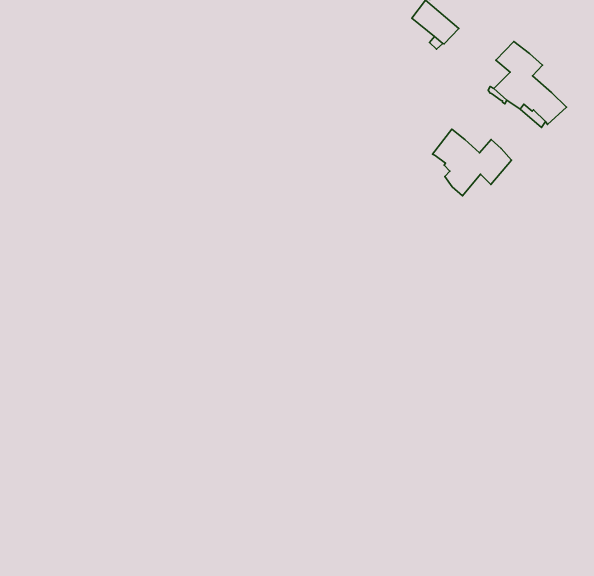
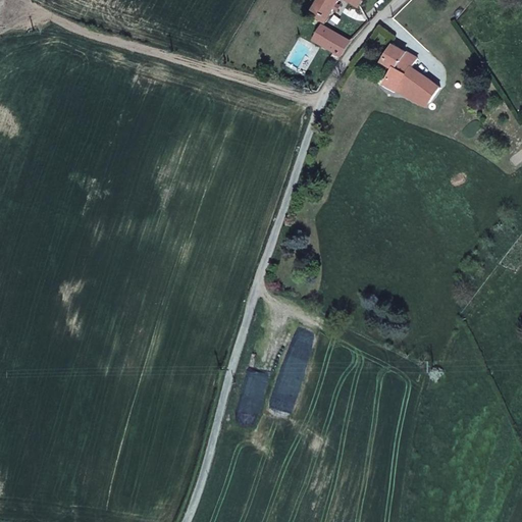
building: [432,129,512,196] -> none

